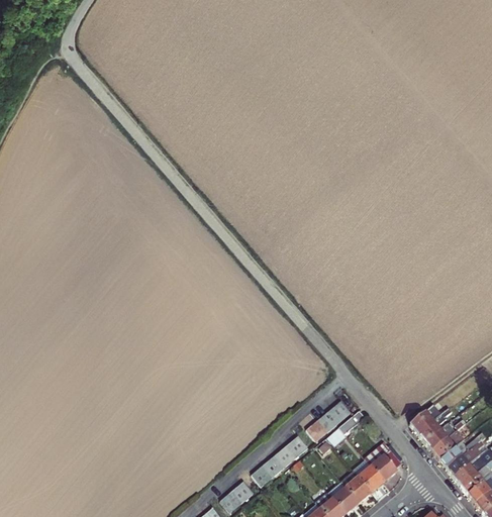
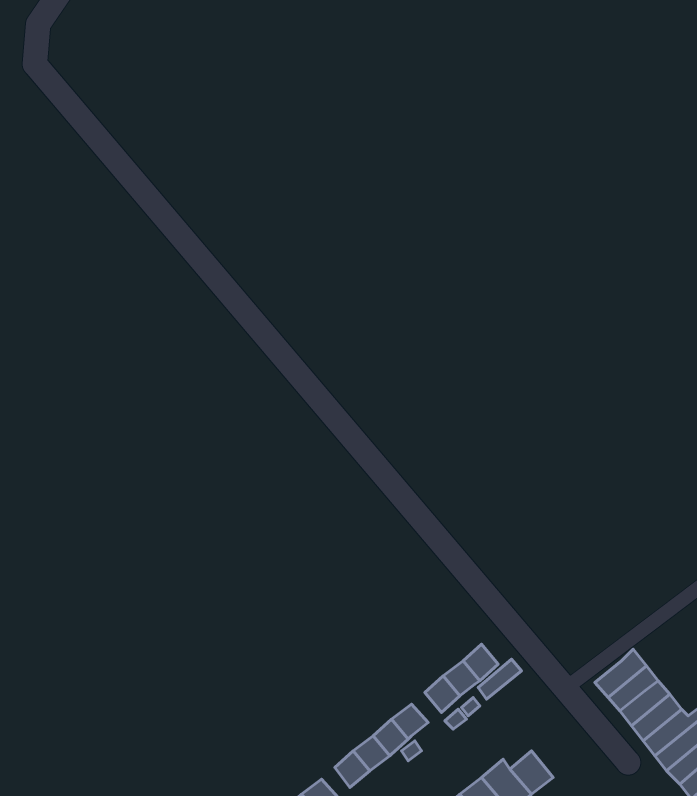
building: [364,442,401,482] -> none

